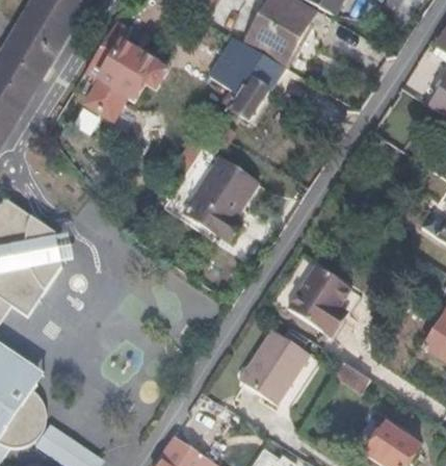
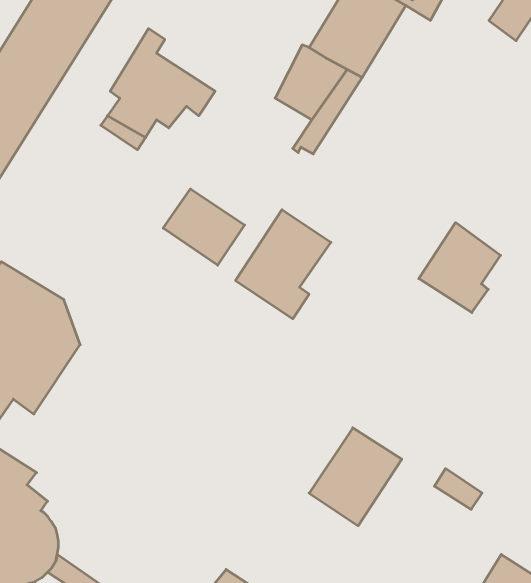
building: none -> [163,189,245,265]
building: [287,263,349,332] -> [419,223,501,313]

